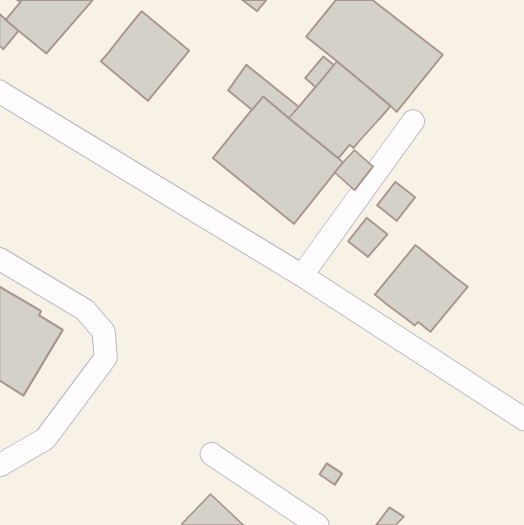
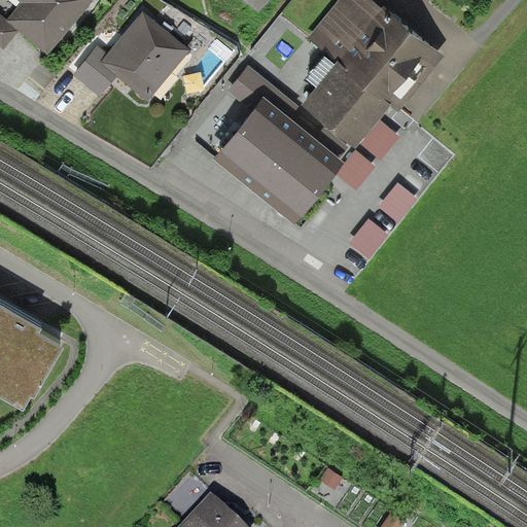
building: none -> [73,45,117,97]
building: none -> [359,119,399,160]
building: [375,245,468,332] -> none

